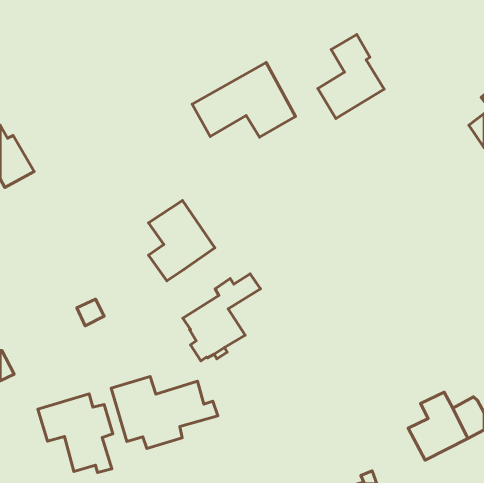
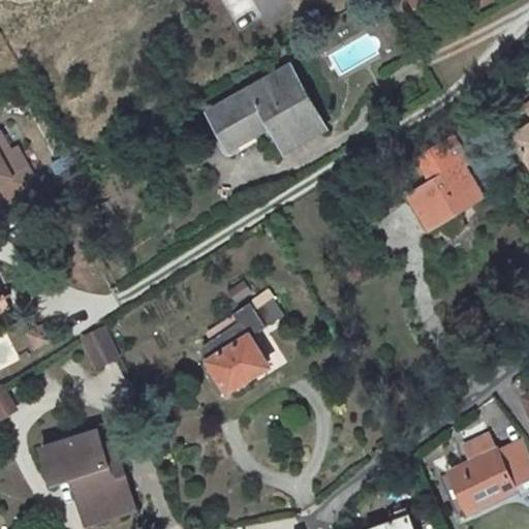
building: [318,34,384,119] -> [408,137,480,229]
building: [148,200,215,281] -> none
building: [111,377,218,448] -> none

